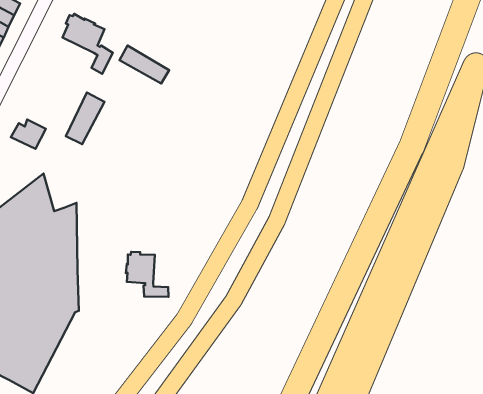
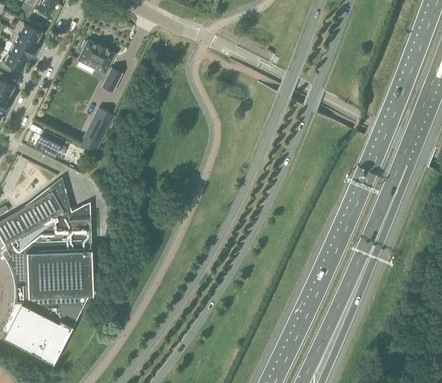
building: [119,46,169,83] -> none
building: [126,252,168,297] -> none

